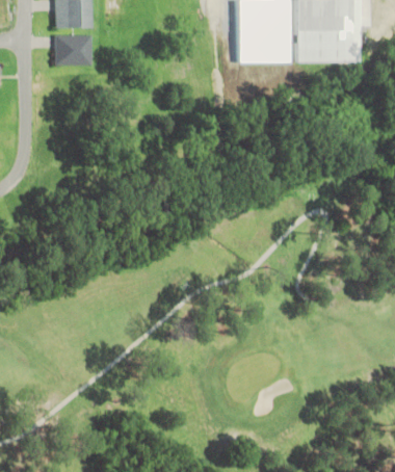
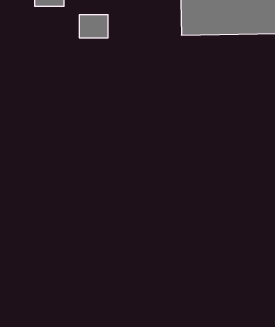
building: [54,35,90,64] -> [79,15,108,38]

